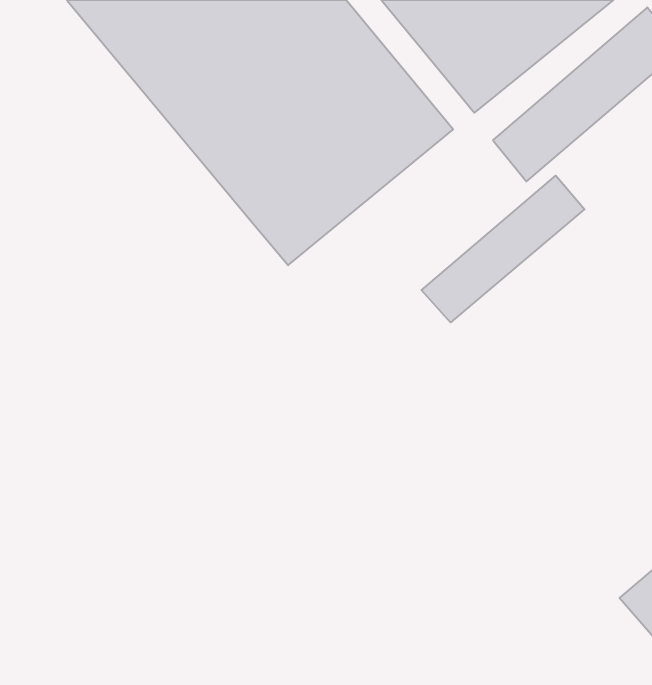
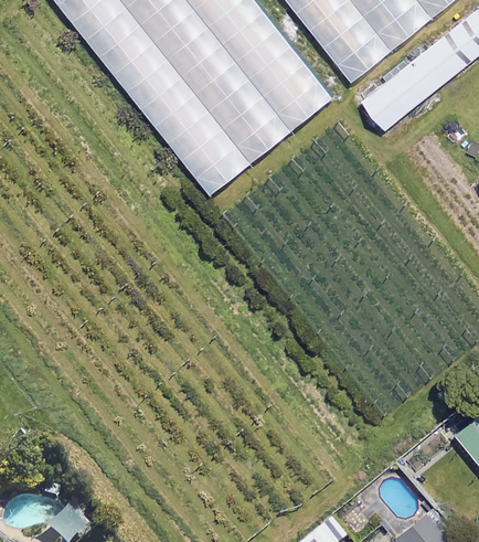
building: [421,176,585,322] -> none

